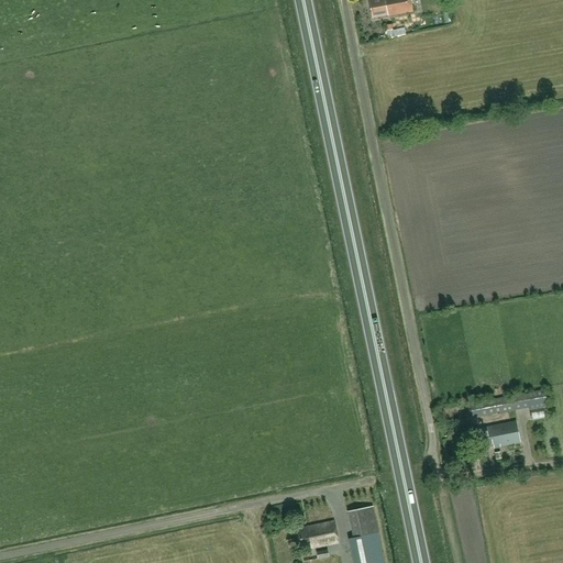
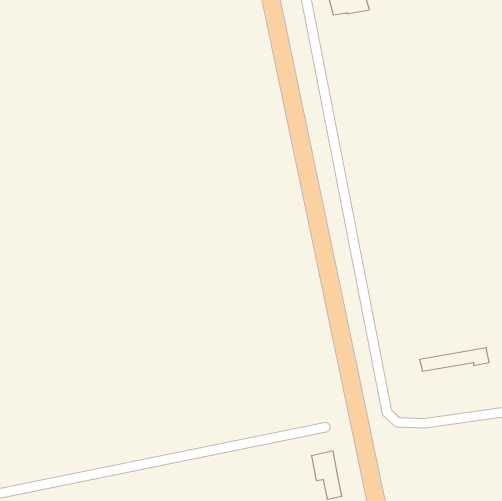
building: [477,419,520,445] -> none
building: [296,519,339,549] -> none

